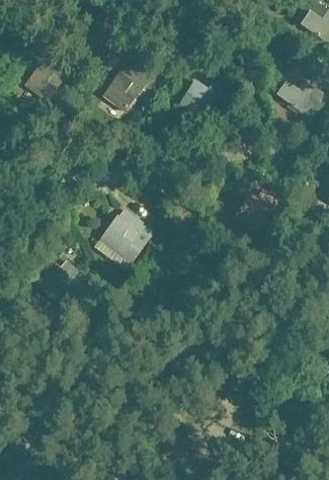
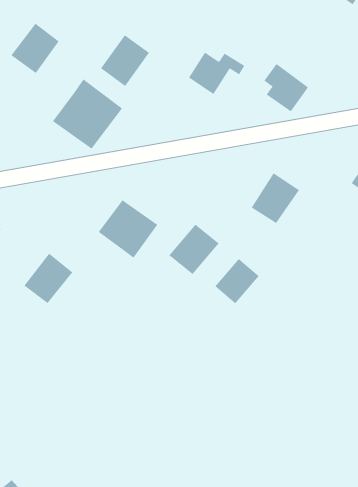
building: [275,67,315,109] -> [263,63,309,112]
building: none -> [52,79,123,150]
building: none -> [215,258,259,304]

